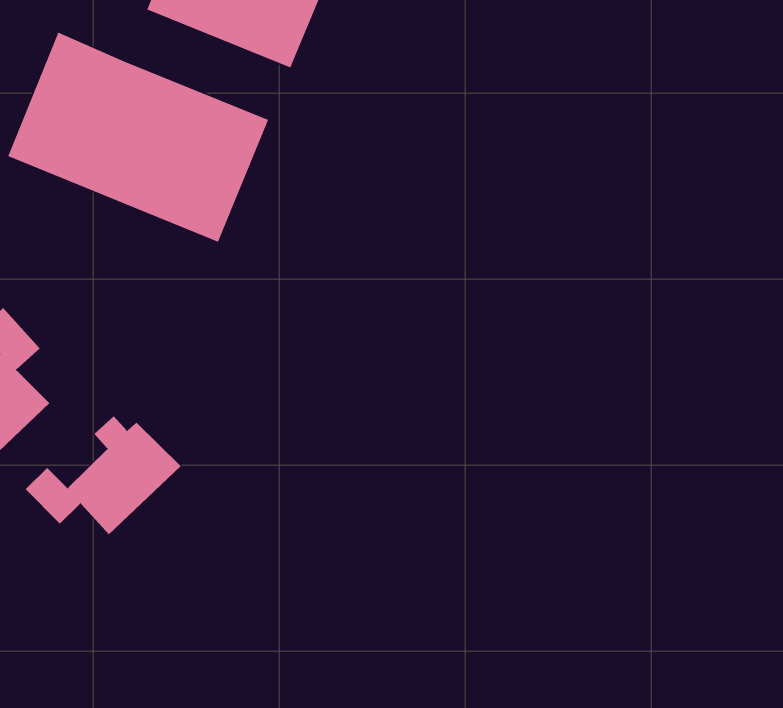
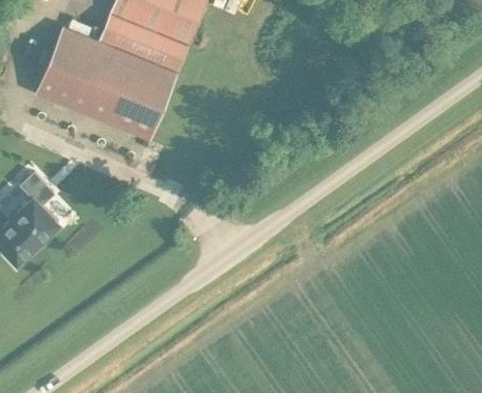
building: none -> [98,18,187,76]
building: [25,415,182,535] -> none

